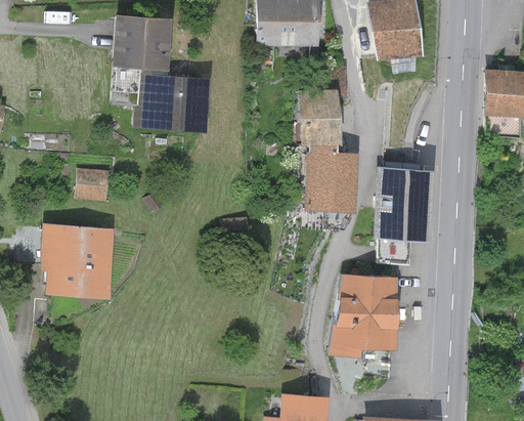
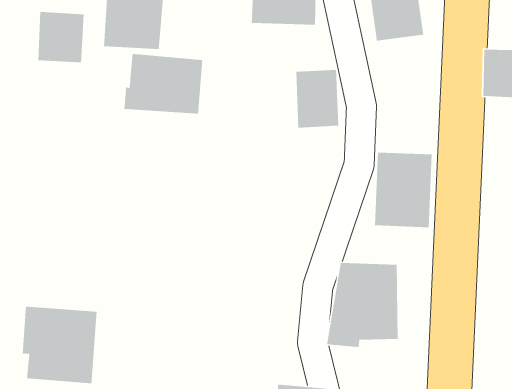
building: none -> [38,11,84,63]
building: [305,152,353,212] -> none
building: [75,168,107,201] -> none
building: [41,223,114,299] -> [22,306,97,384]

